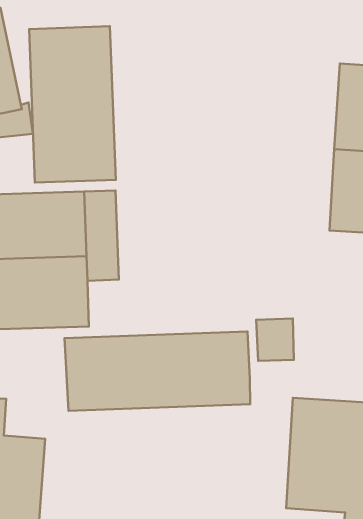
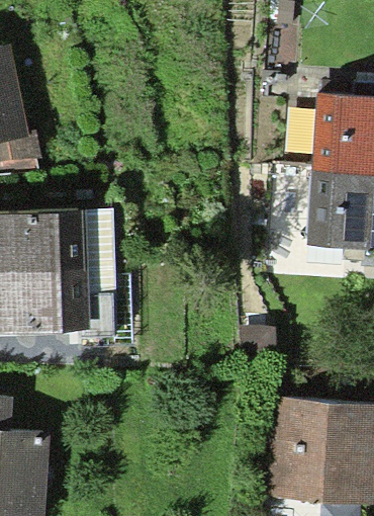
building: [29,26,116,183] -> none
building: [65,331,250,411] -> none

